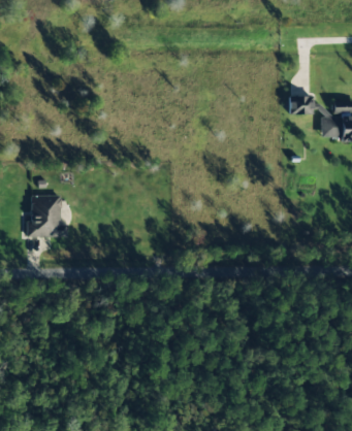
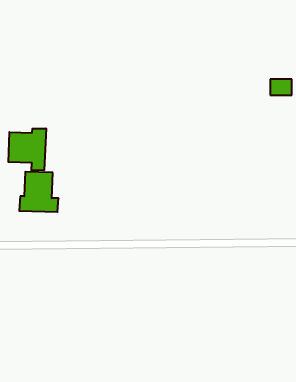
building: none -> [8,128,46,170]

